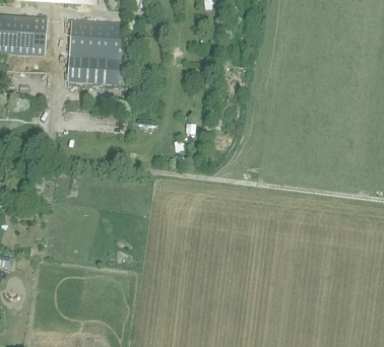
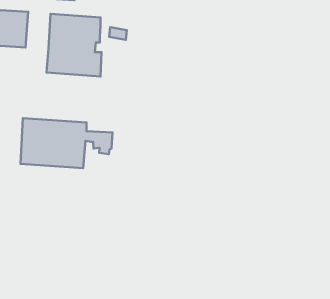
building: none -> [21,118,112,168]

